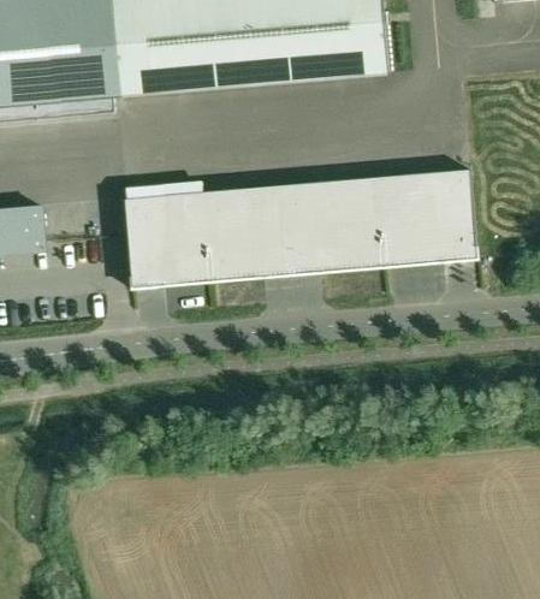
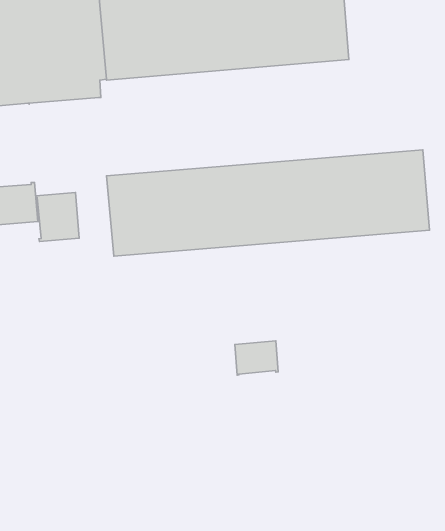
building: none -> [36,193,79,242]
building: none -> [235,341,278,375]

